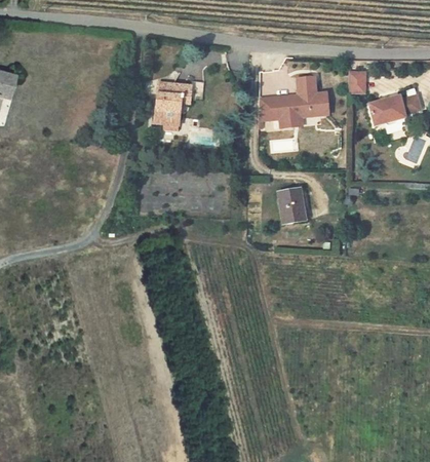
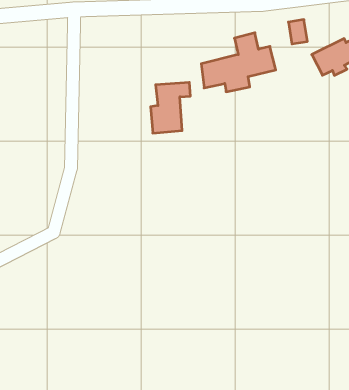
building: [150,81,193,129] -> [151,82,190,133]
building: [278,187,307,224] -> none

